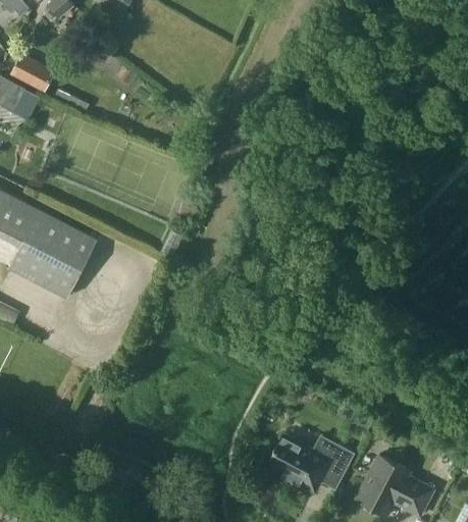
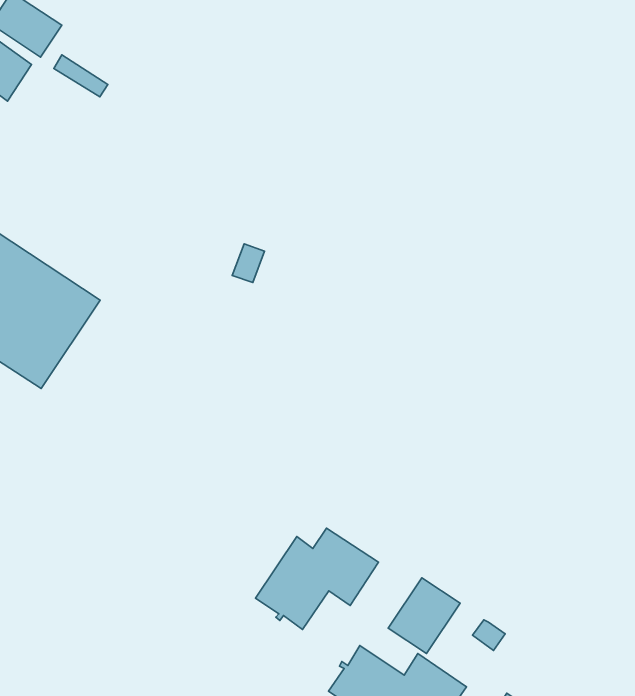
building: none -> [255,528,379,629]
building: none -> [388,578,460,654]

